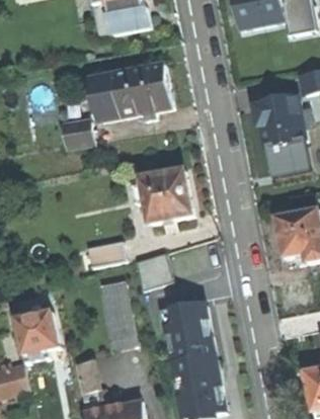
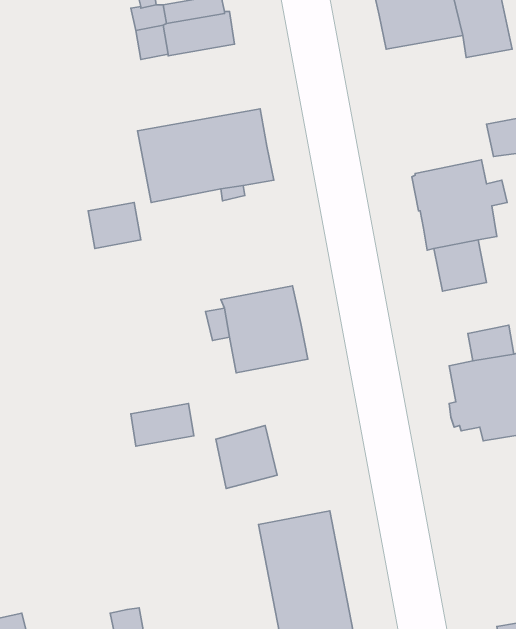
building: [100,281,135,349] -> none
building: [15,312,58,362] -> none

